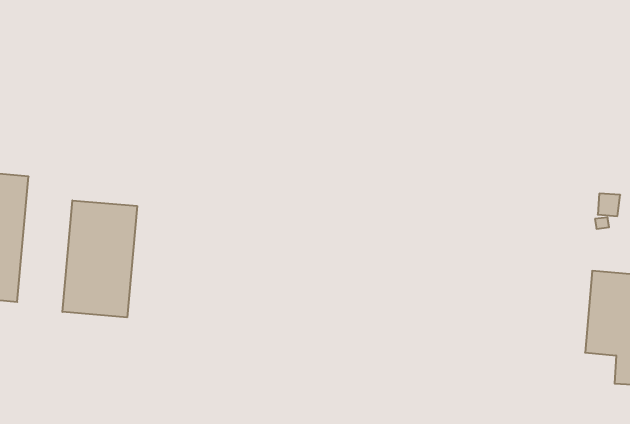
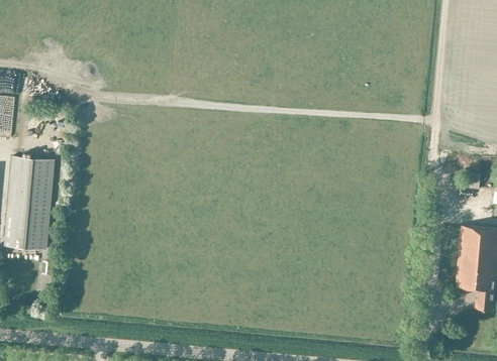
building: [62,200,137,317] -> none

